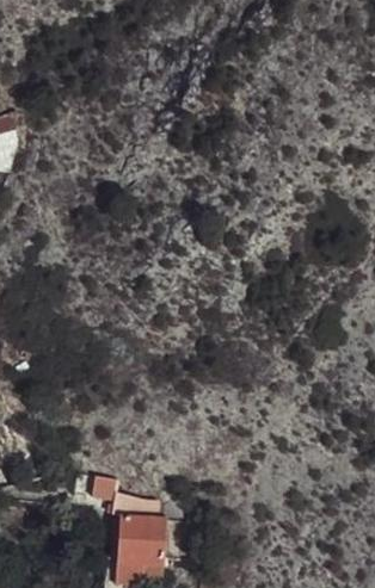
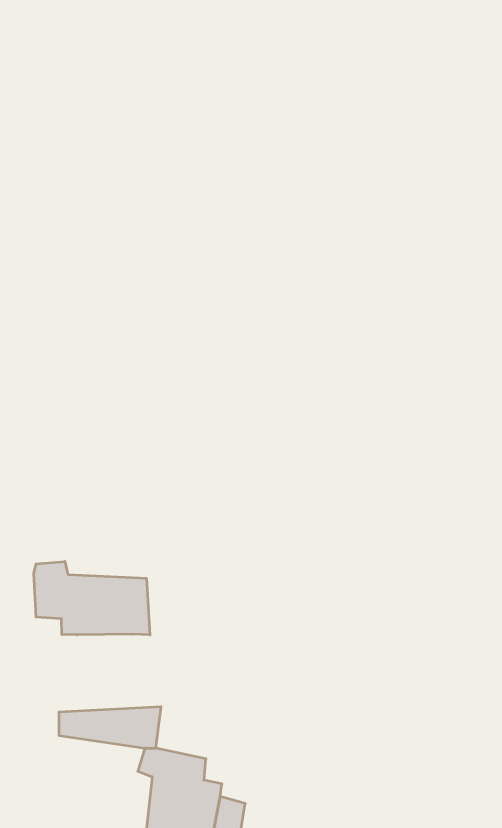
building: none -> [34,561,150,635]

